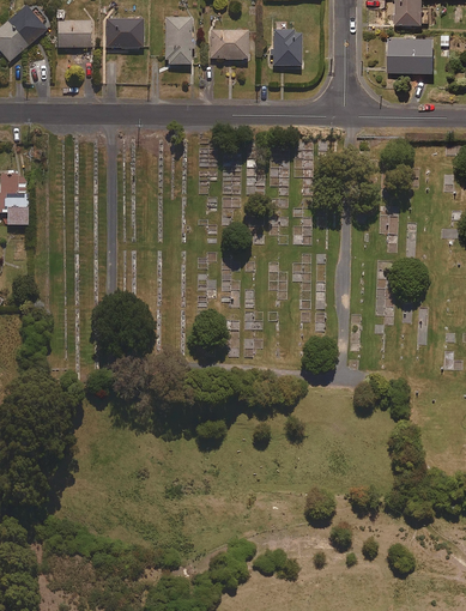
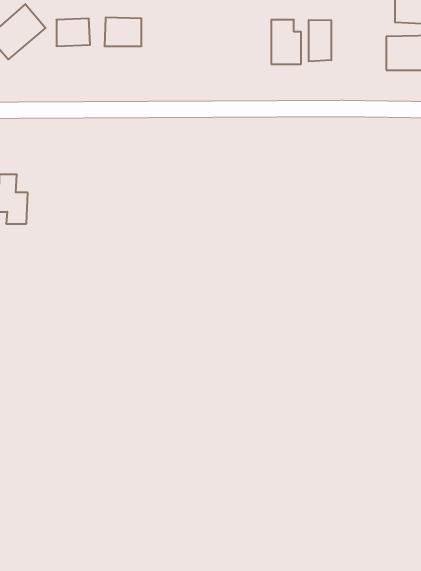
building: [164,17,193,65] -> none
building: none -> [309,20,331,61]
building: [210,29,248,59] -> none

